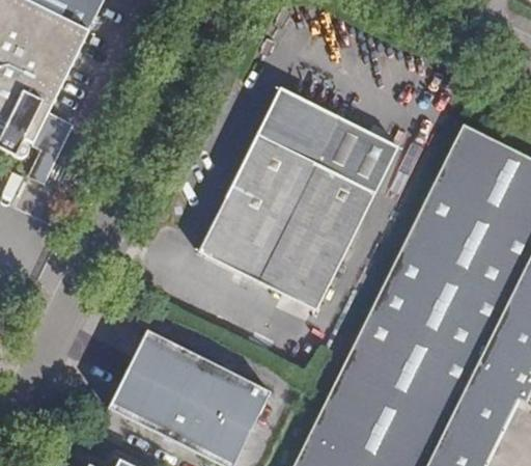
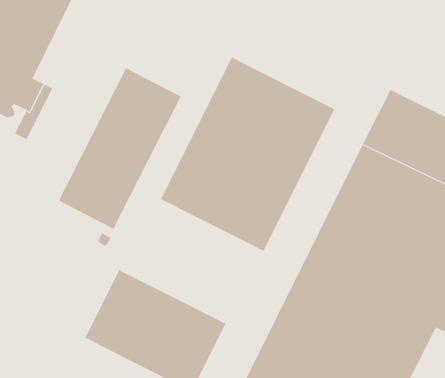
building: none -> [58,68,181,229]

